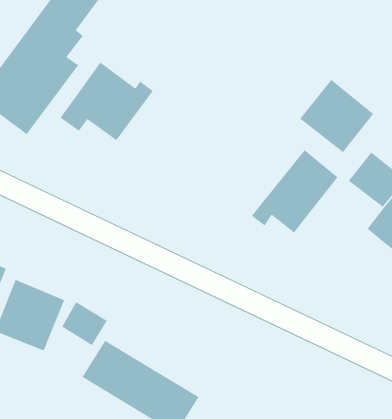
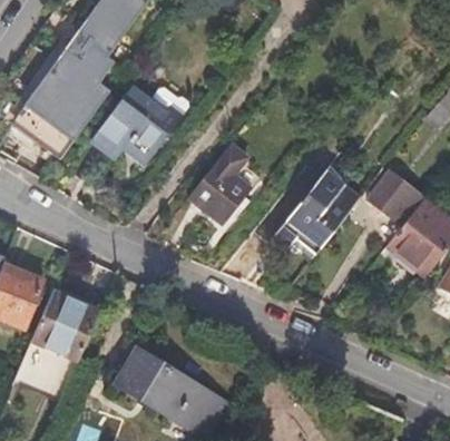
building: [299,79,374,153] -> none
building: none -> [189,145,252,224]
building: [61,301,108,346] -> none

